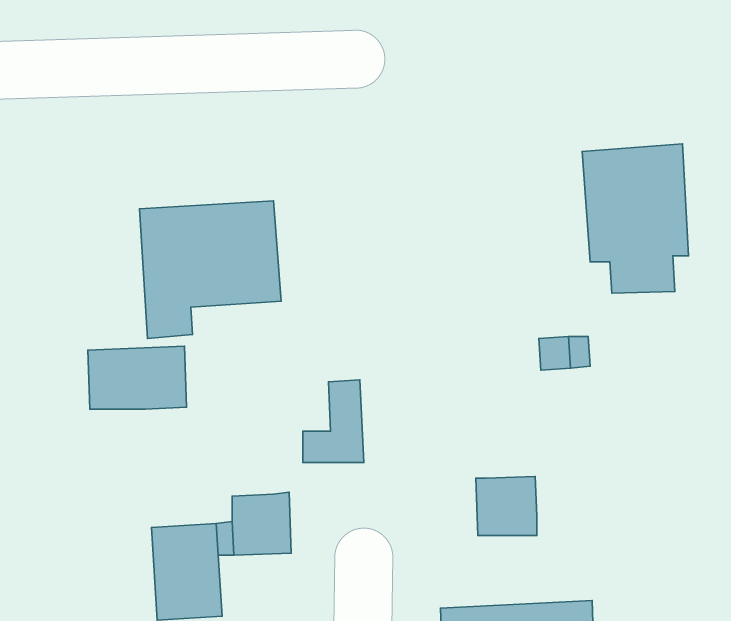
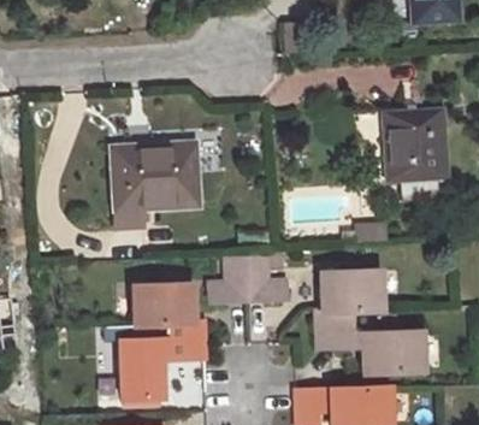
building: [88,346,186,409] -> [132,284,193,323]
building: none -> [246,250,286,302]
building: none -> [321,271,380,312]
building: none -> [361,332,420,372]

